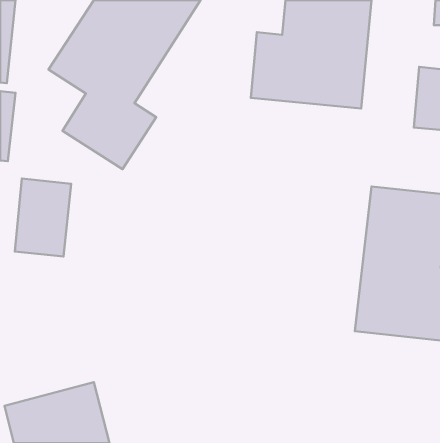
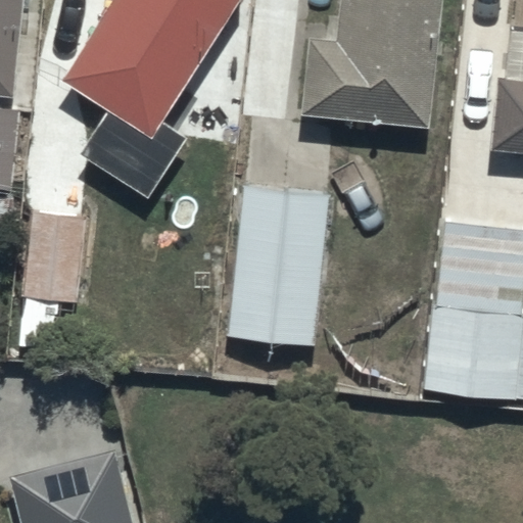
building: none -> [226,185,329,345]

